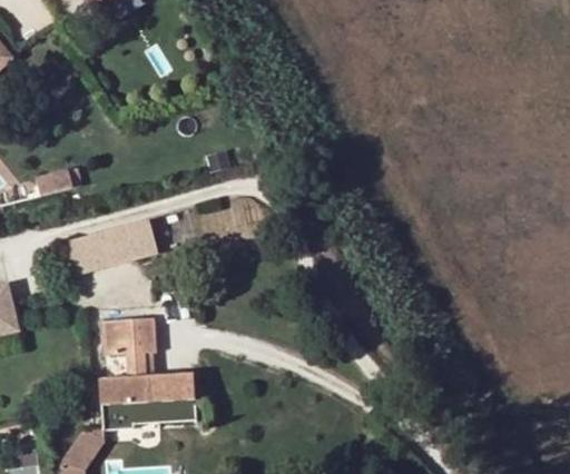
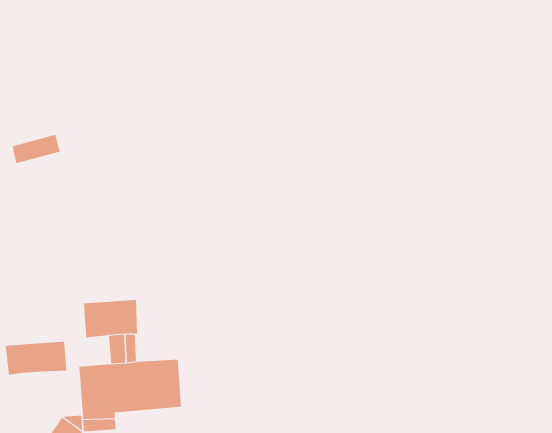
building: [62,219,156,275] -> none
building: none -> [5,341,67,375]

